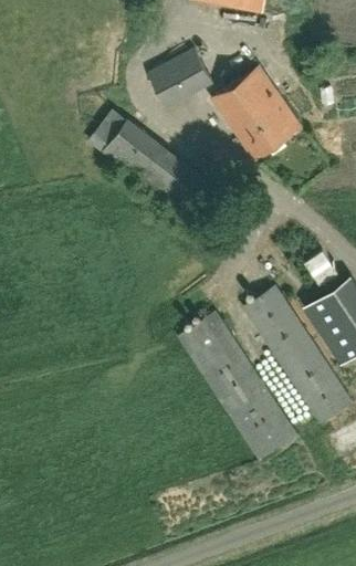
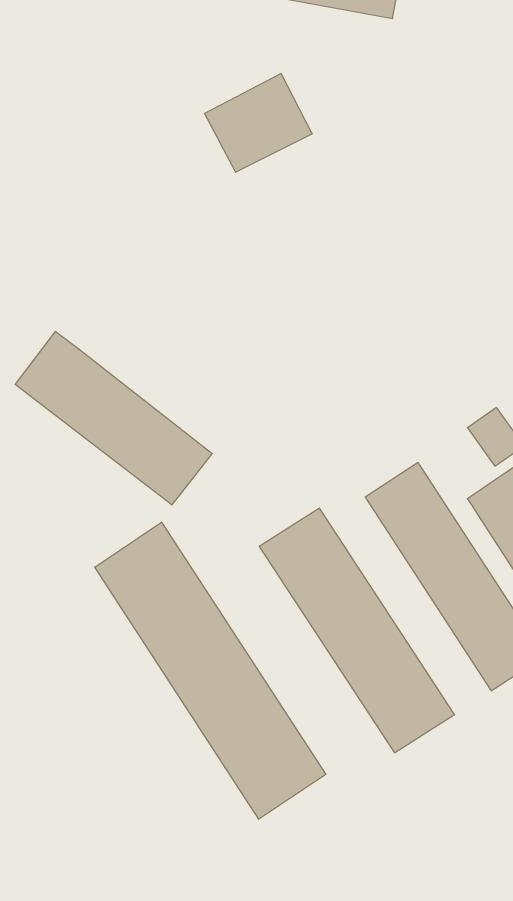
building: [210,67,299,158] -> none
building: [87,108,207,213] -> [15,331,212,505]
building: none -> [95,522,326,819]

